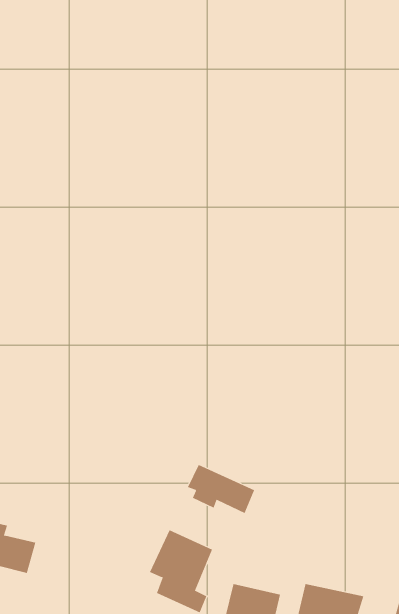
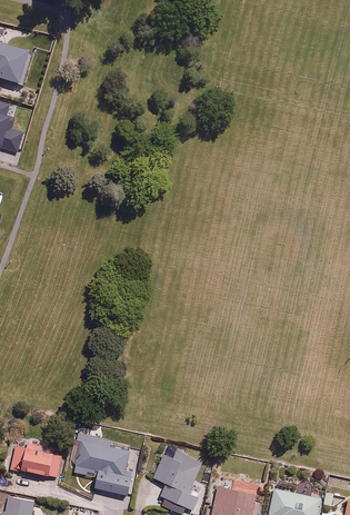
building: [187,464,255,514] -> none
building: none -> [73,435,130,493]

